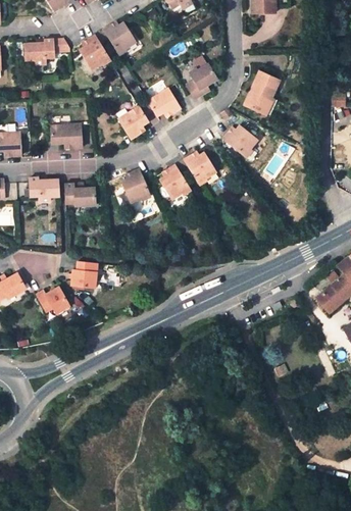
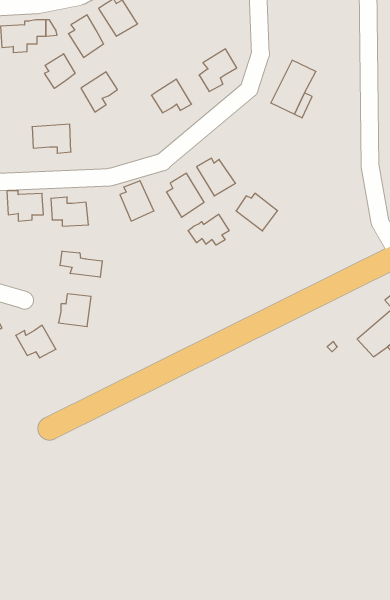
building: none -> [45,54,75,88]
building: [118,105,148,138] -> [81,72,117,112]
building: [222,124,256,155] -> [236,193,278,231]
building: none -> [188,214,229,245]
building: none -> [60,251,102,277]

